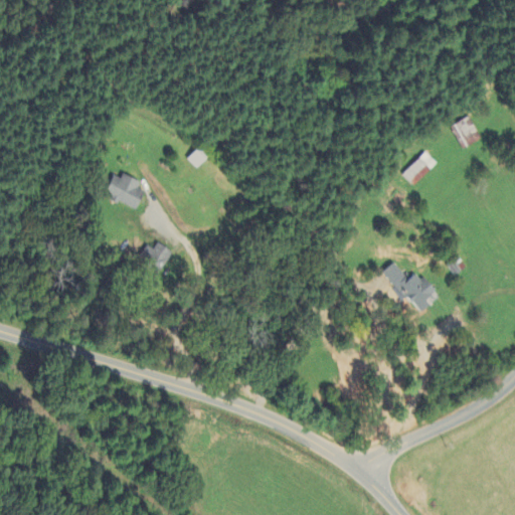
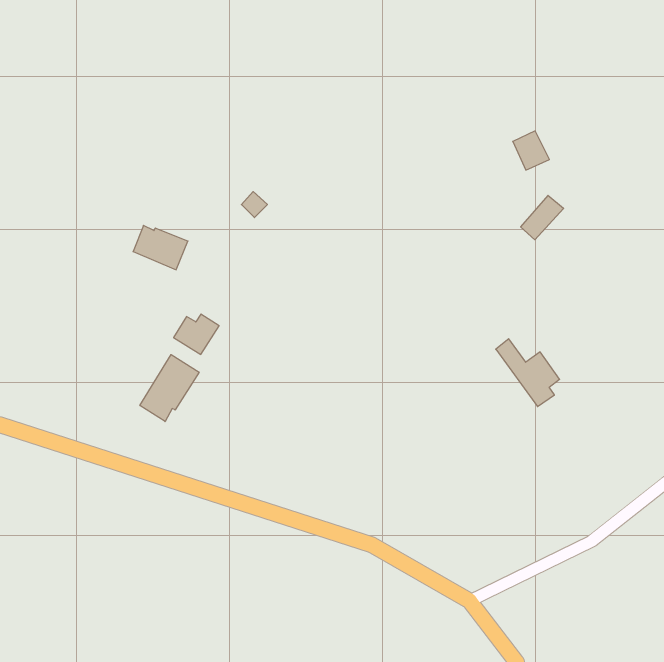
building: [454,116,482,146] -> [513,131,549,170]
building: none -> [140,355,199,422]

